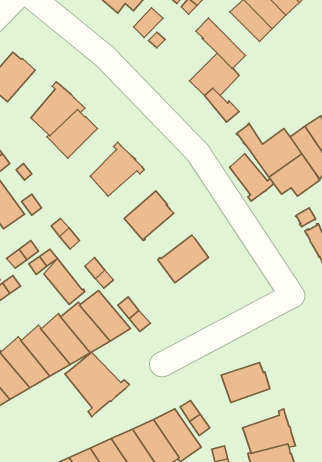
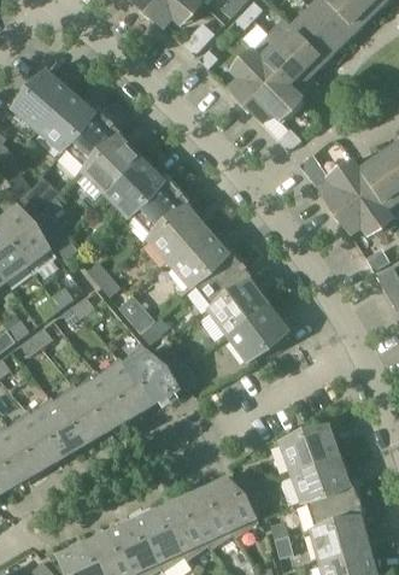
building: none -> [268,18,325,76]
building: none -> [229,48,277,105]
building: none -> [39,93,93,151]
building: none -> [107,159,163,217]
building: [229,154,274,201] -> none
building: none -> [149,207,207,262]
building: none -> [194,247,257,307]
building: none -> [229,306,287,362]
building: [44,259,85,304] -> none
building: [65,352,130,417] -> none
building: none -> [293,456,348,504]

